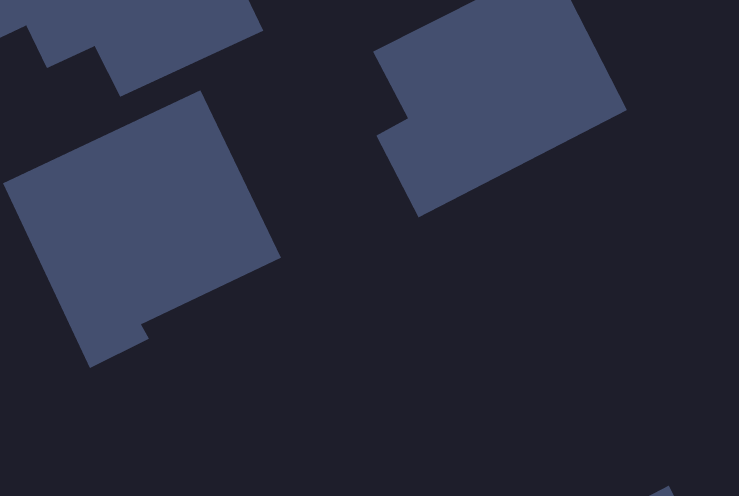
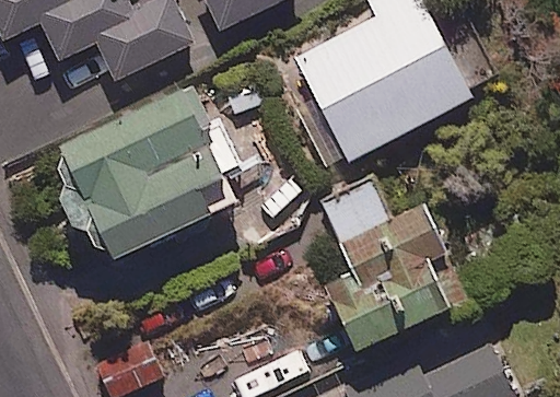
building: none -> [322,184,447,354]

